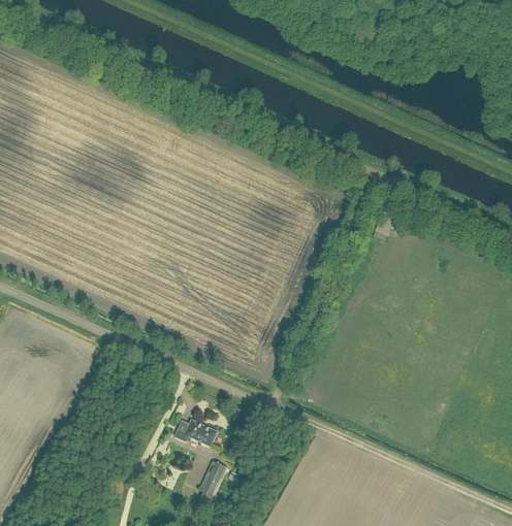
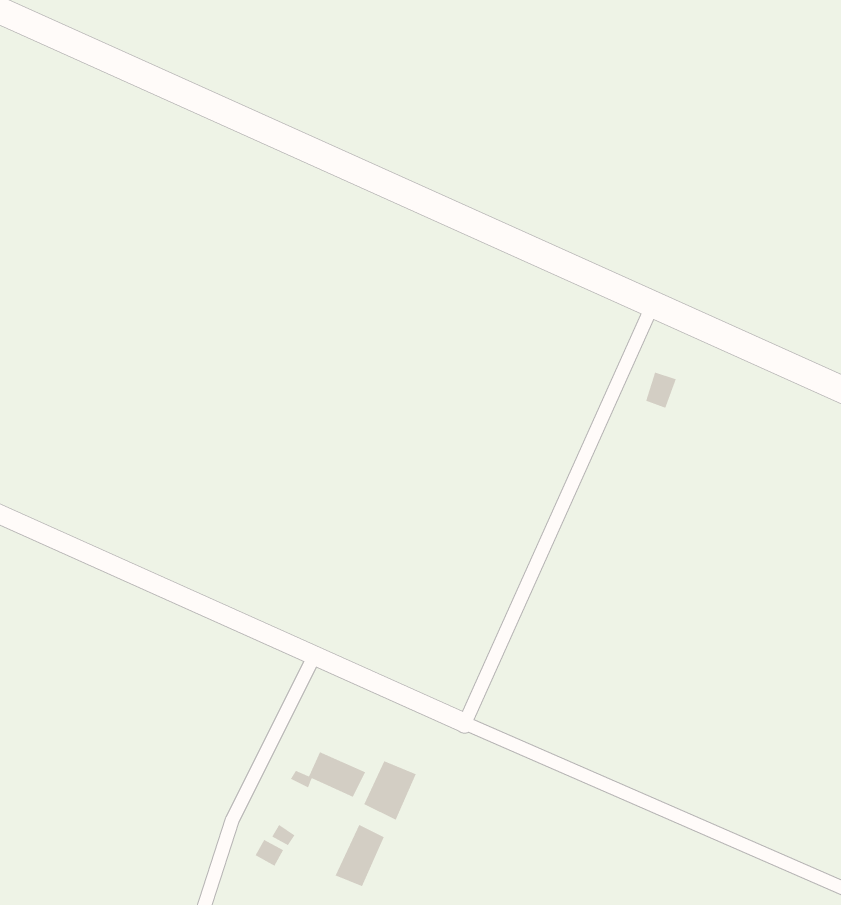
building: none -> [363,760,417,821]

